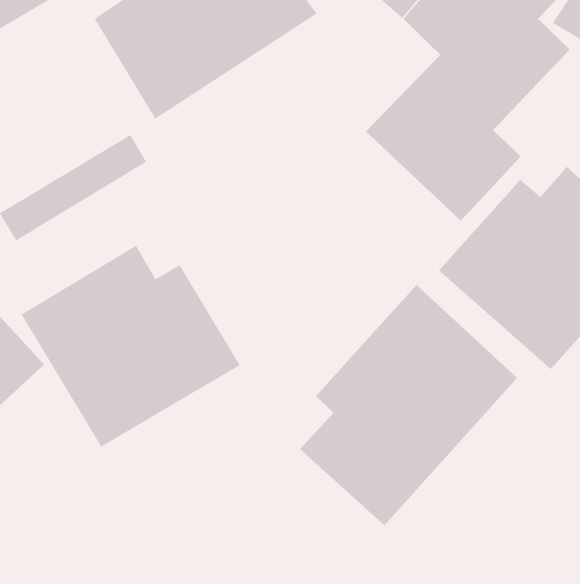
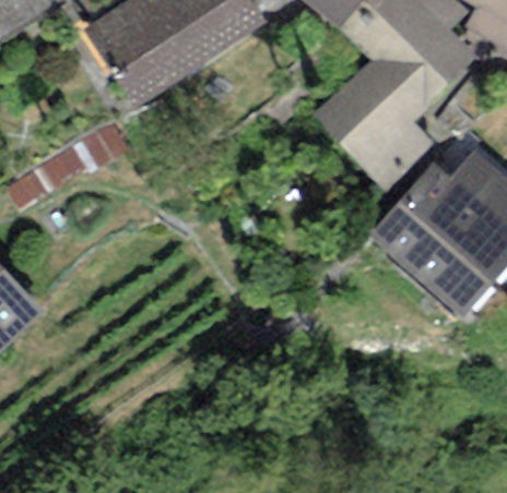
building: [21,245,241,448] -> none
building: [299,284,518,526] -> none

